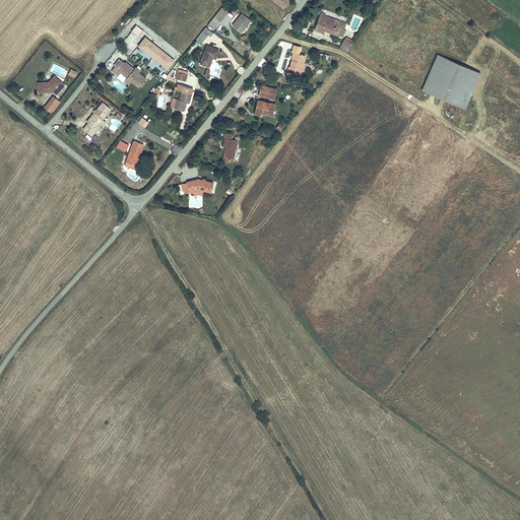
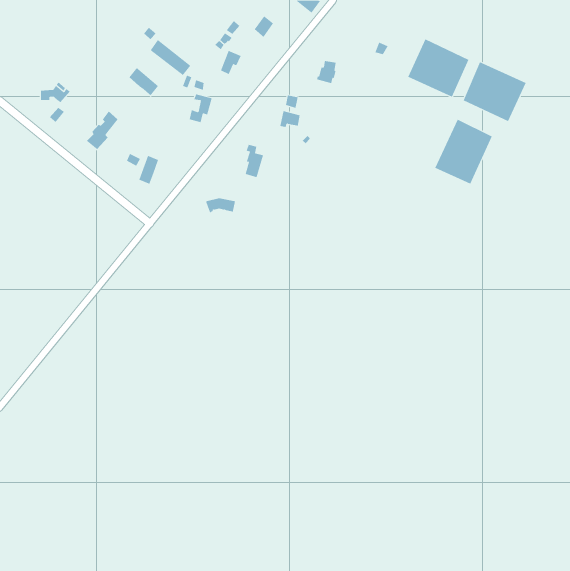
building: [312,9,344,35] -> none
building: none -> [407,38,469,98]
building: none -> [435,119,492,185]

